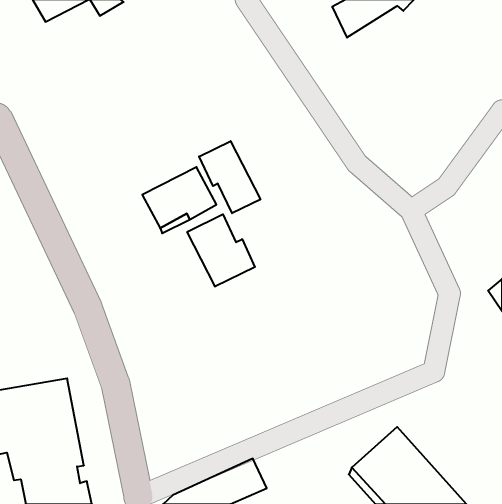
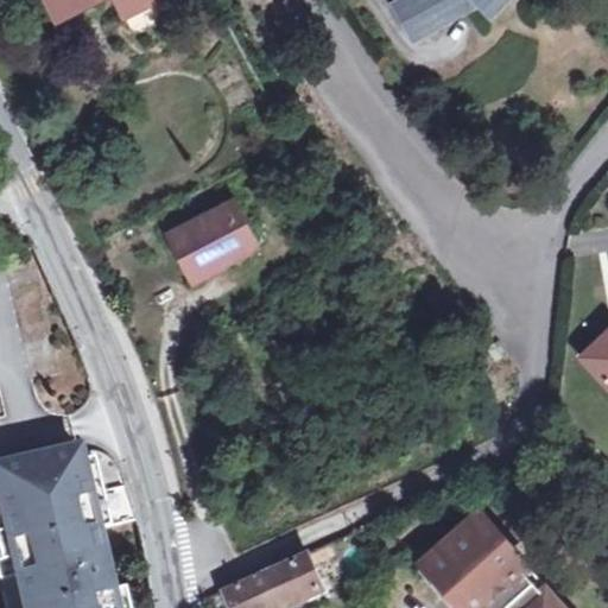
building: [199,141,260,213] -> none
building: [187,214,255,287] -> none

